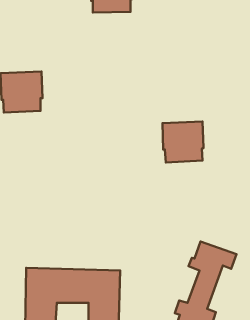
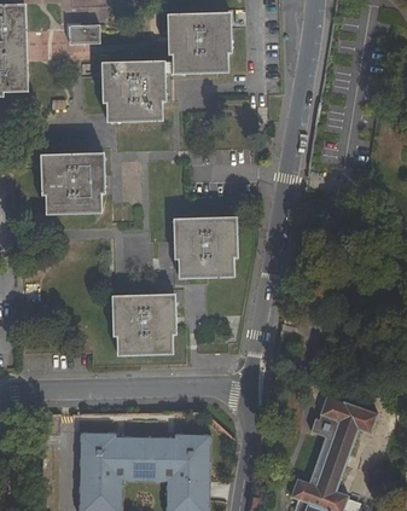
building: none -> [105,63,163,120]
building: [162,121,203,162] -> [176,219,234,277]
building: none -> [115,296,174,354]

